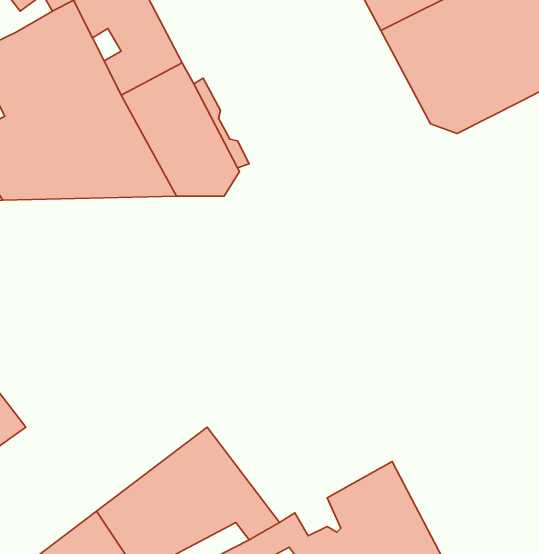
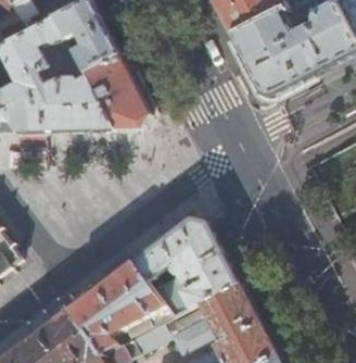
building: none -> [131,215,237,314]

